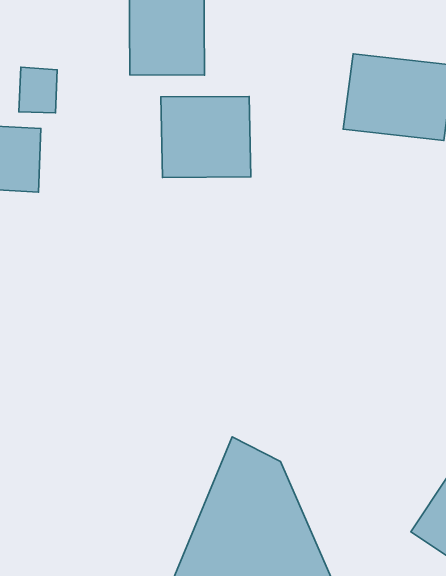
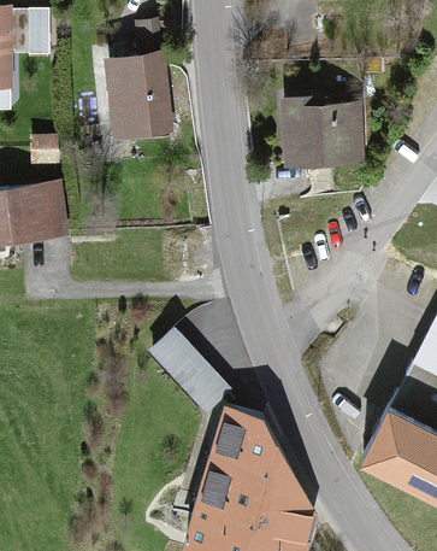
building: [161,96,251,177] -> none
building: none -> [149,323,231,406]

